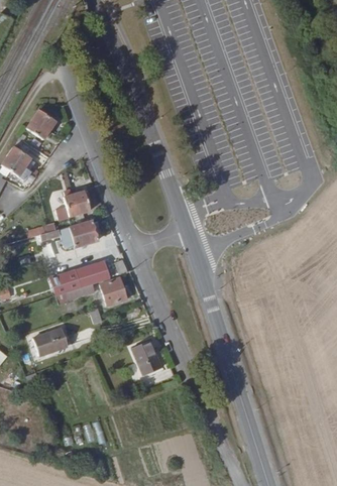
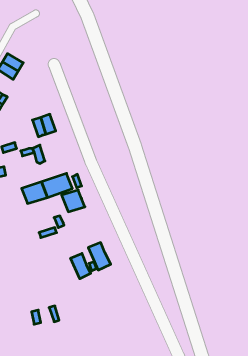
building: [74,218,102,244] -> none
building: [30,331,66,358] -> none
building: none -> [71,253,91,279]

